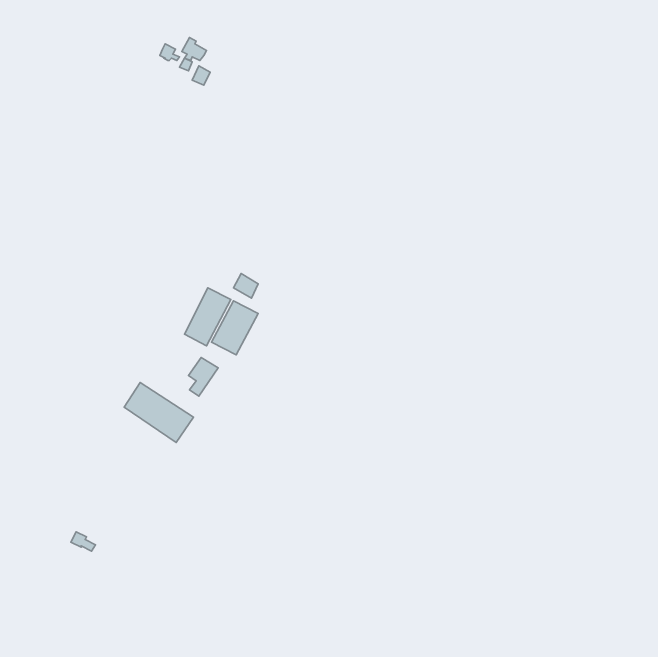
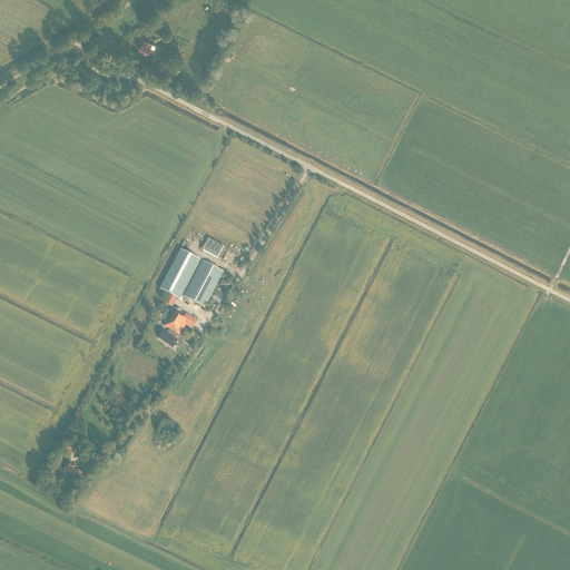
building: [124,382,194,443] -> none

